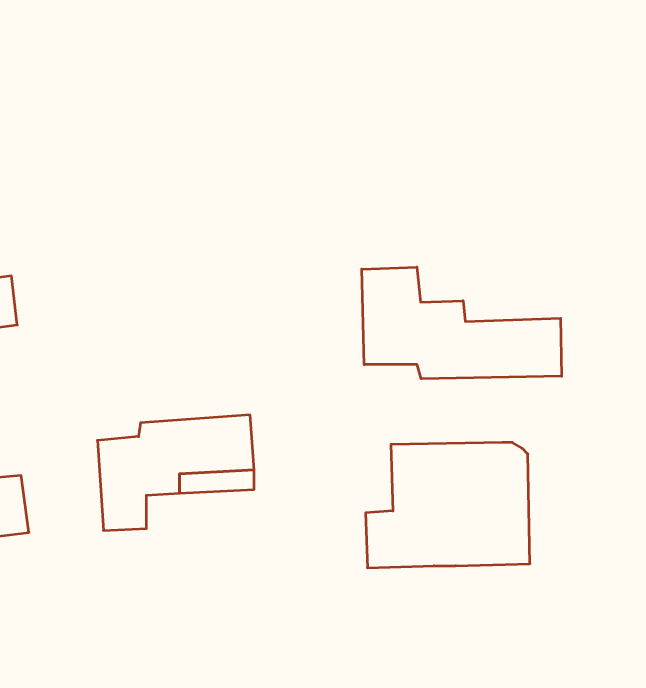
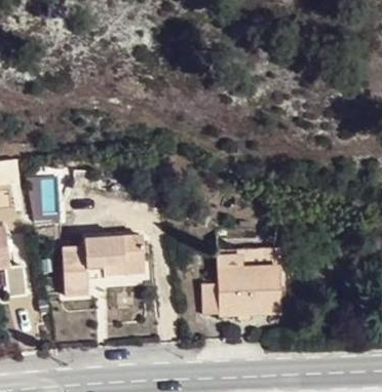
building: [362,267,562,379] -> none

